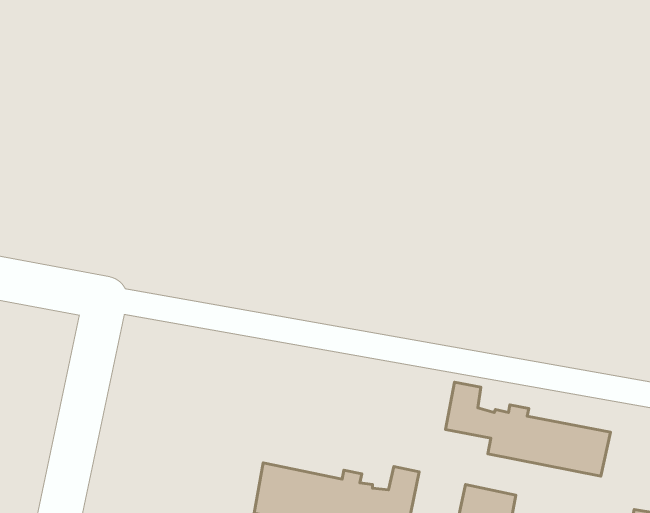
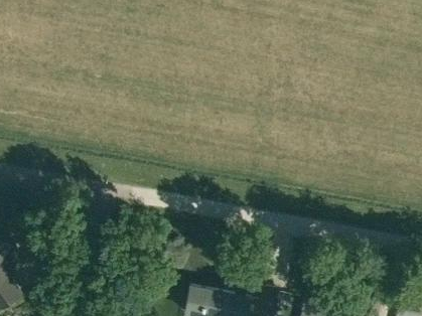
building: [445,382,610,476] -> none

